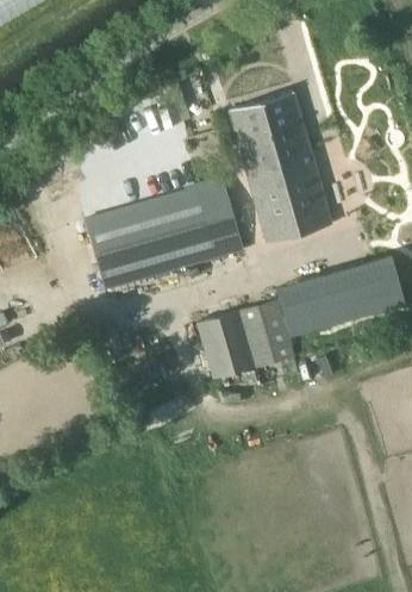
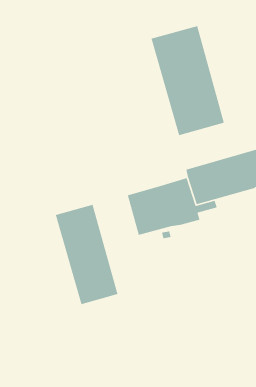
building: [88,180,243,287] -> none
building: none -> [55,204,118,305]

